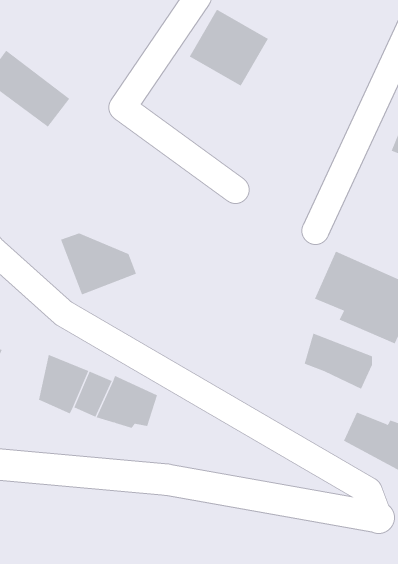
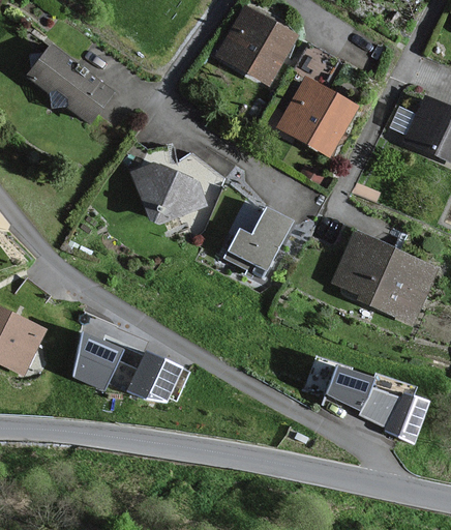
building: none -> [278,80,353,153]
building: none -> [224,212,288,277]
building: [60,233,137,295] -> [132,165,204,223]
building: [304,333,373,389] -> [310,355,374,408]

